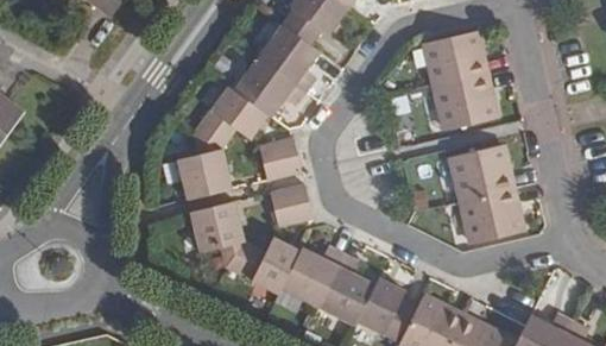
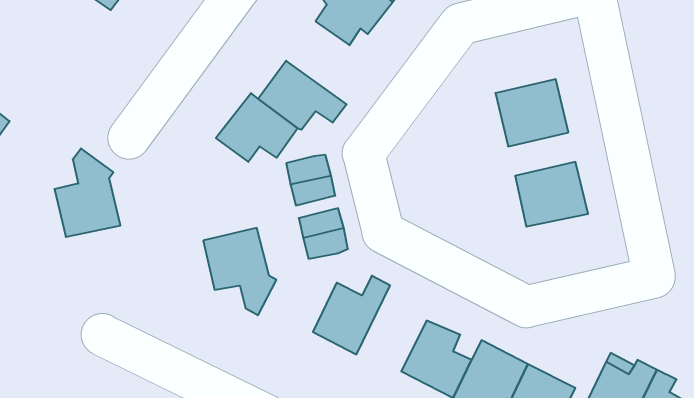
building: [258,25,320,95] -> none
building: [424,31,486,86] -> none
building: [176,124,232,199] -> [54,148,120,237]
building: [461,188,523,244] -> none
building: [234,235,299,294] -> none
building: [317,249,374,326] -> none

